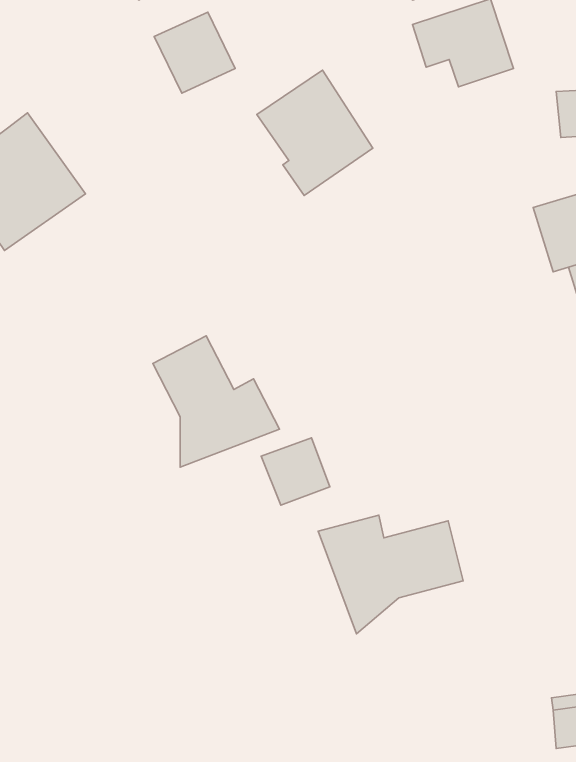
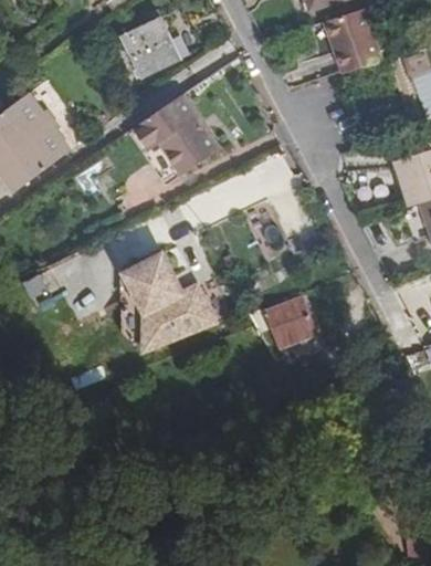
building: [257,70,373,196] -> [134,95,218,186]
building: [261,438,330,505] -> [265,296,315,345]
building: [318,515,463,634] -> none

